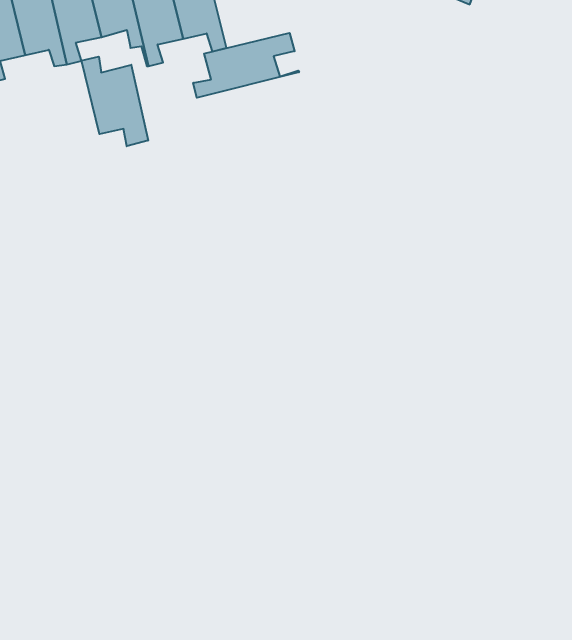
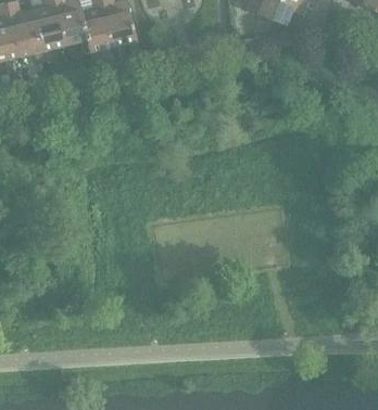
building: [193,33,299,98] -> none
building: [81,57,148,146] -> none

